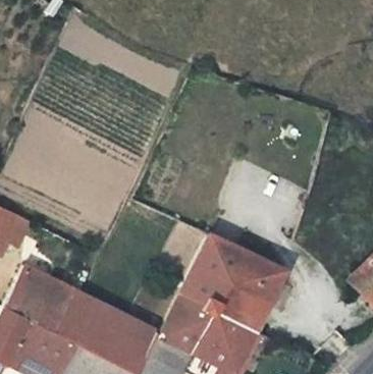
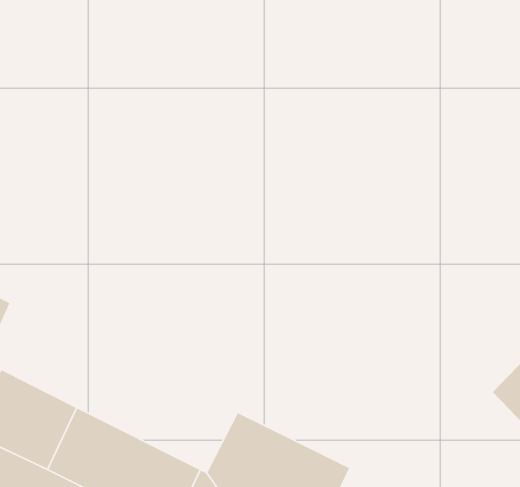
building: [182,232,287,329] -> none

